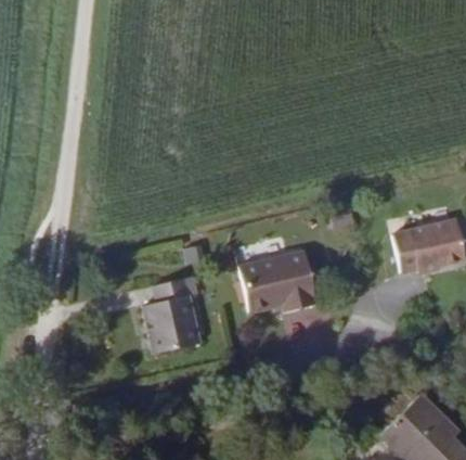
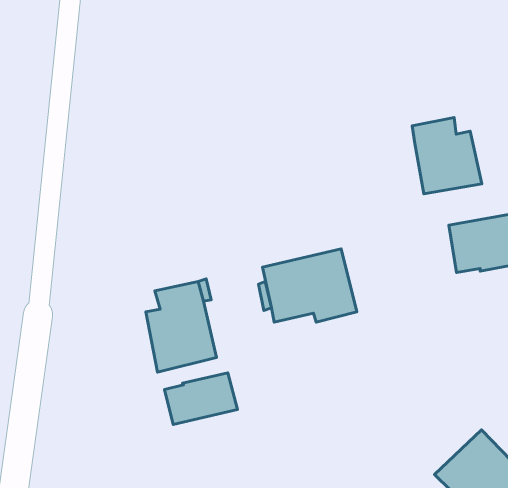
building: none -> [412,117,482,194]
building: none -> [165,373,237,424]

